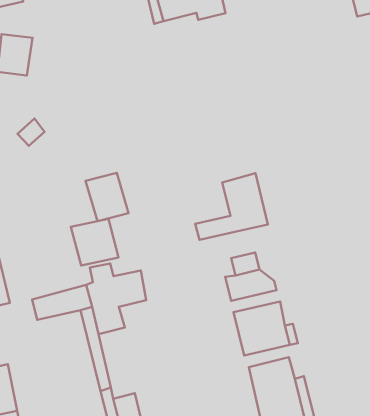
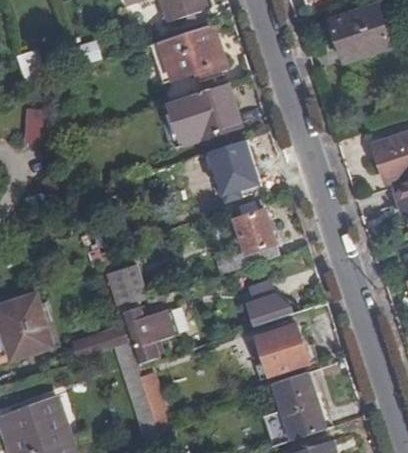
building: none -> [166,82,239,147]
building: none -> [209,139,258,195]
building: [86,173,129,221] -> none

